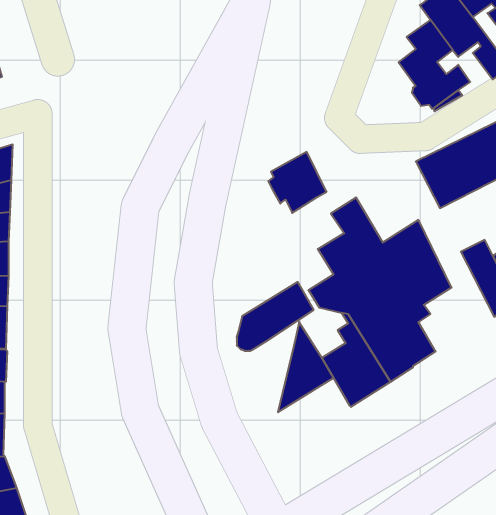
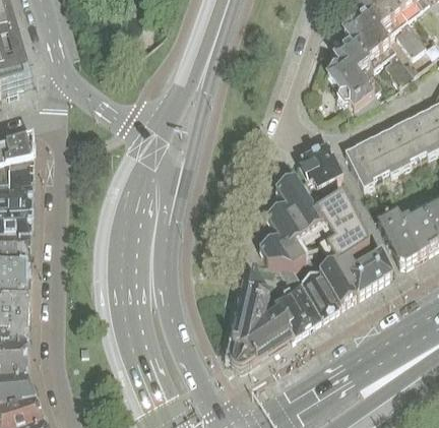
building: [268,152,327,213] -> [297,141,341,188]
building: [237,282,314,351] -> [232,313,291,366]
building: none -> [343,240,391,294]

